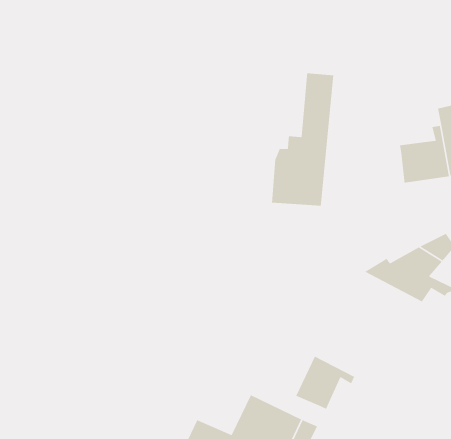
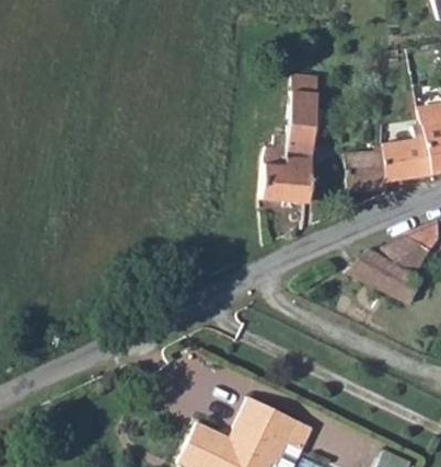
building: none -> [346,156,387,197]
building: [295,356,355,410] -> none

